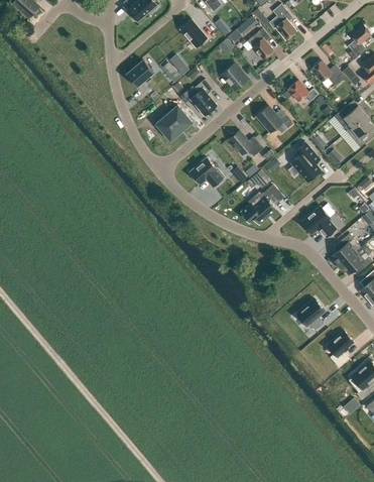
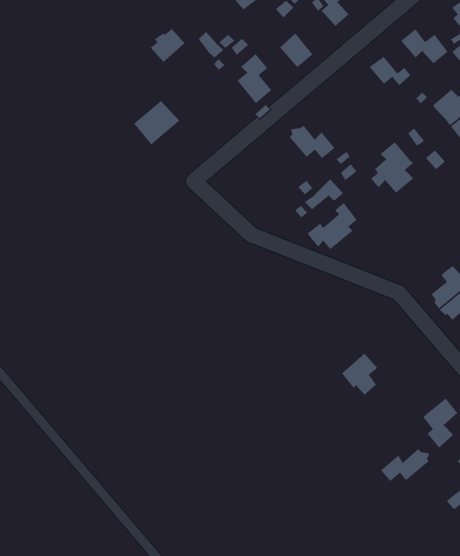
building: [256,105,293,132] -> none
building: [157,106,192,139] -> [133,100,180,146]
building: [190,157,225,187] -> none
building: [301,206,336,237] -> none
building: [297,298,325,330] -> [341,353,378,396]
building: none -> [380,449,431,482]

